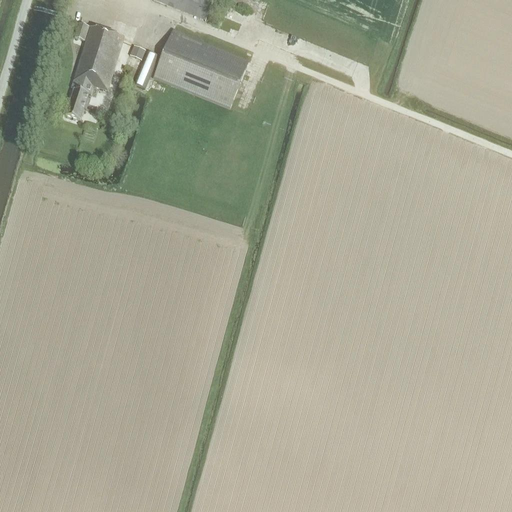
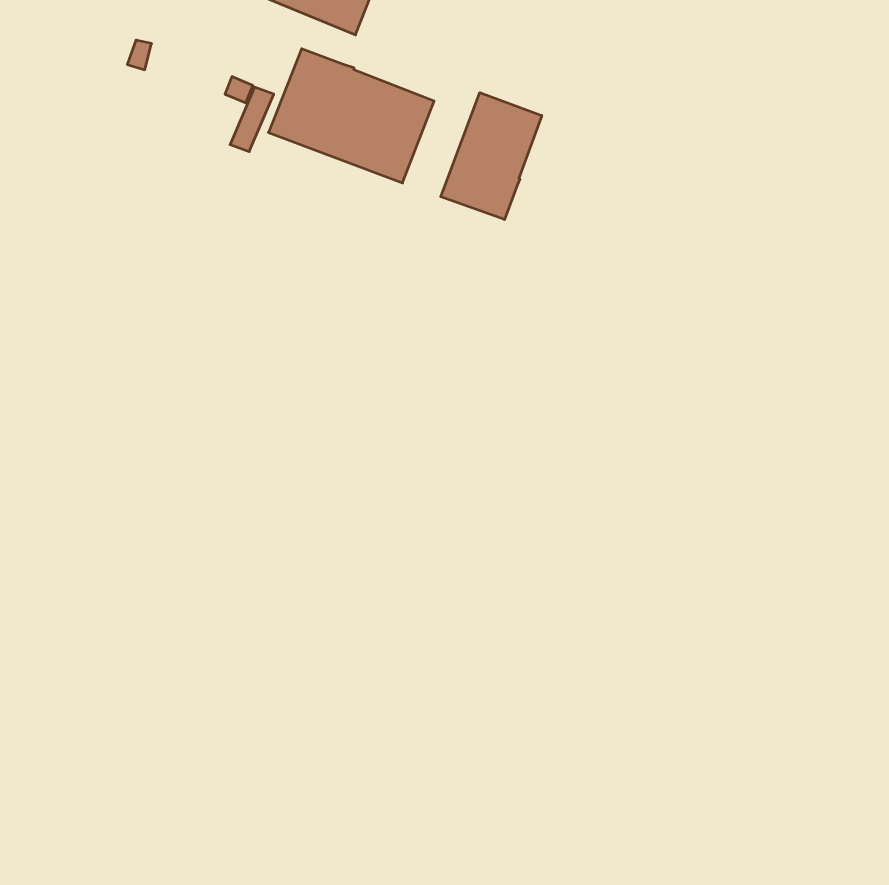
building: [65,26,122,118] -> none
building: none -> [441,93,542,220]

